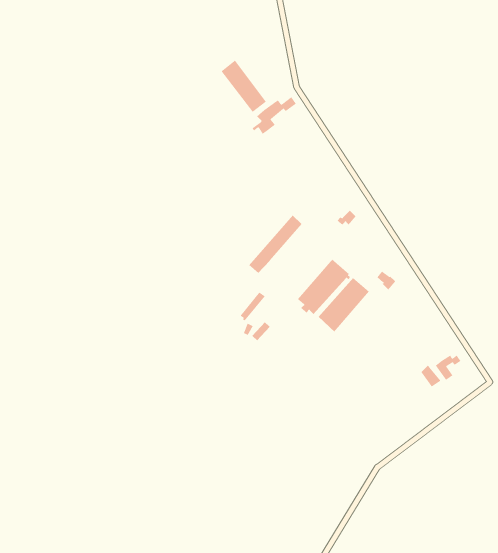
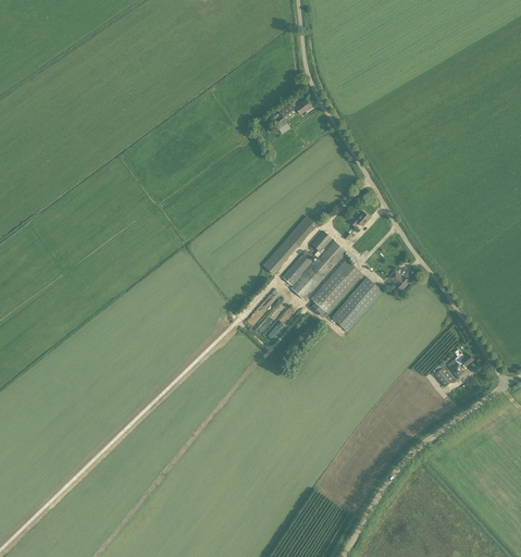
building: [221,59,267,113] -> none
building: none -> [281,230,346,298]

